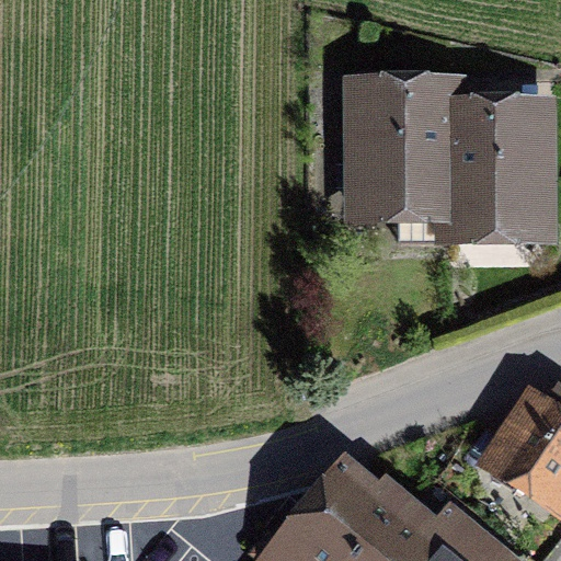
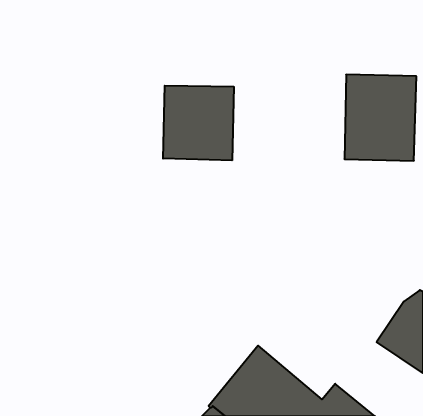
building: [357,80,459,233] -> none
building: none -> [163,86,234,160]

